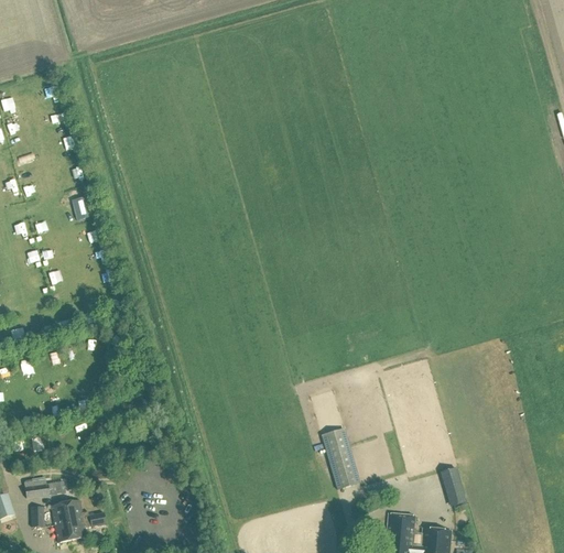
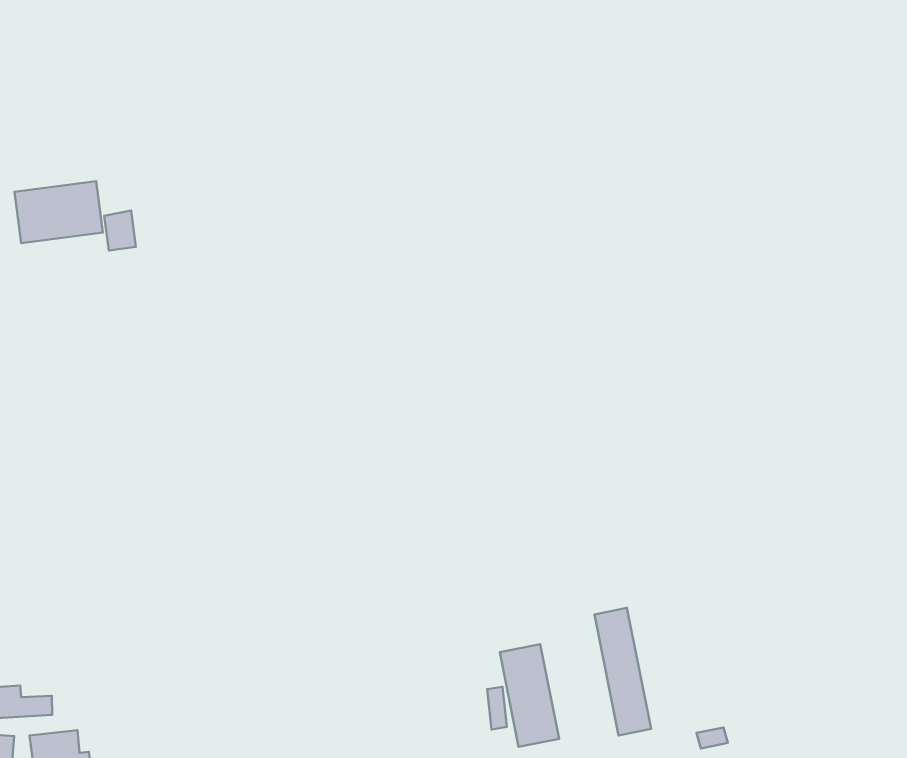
building: none -> [14,181,103,243]
building: none -> [594,608,651,735]

